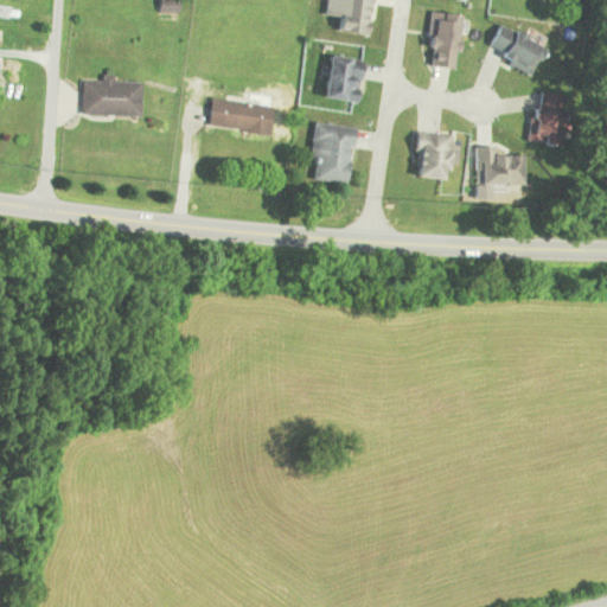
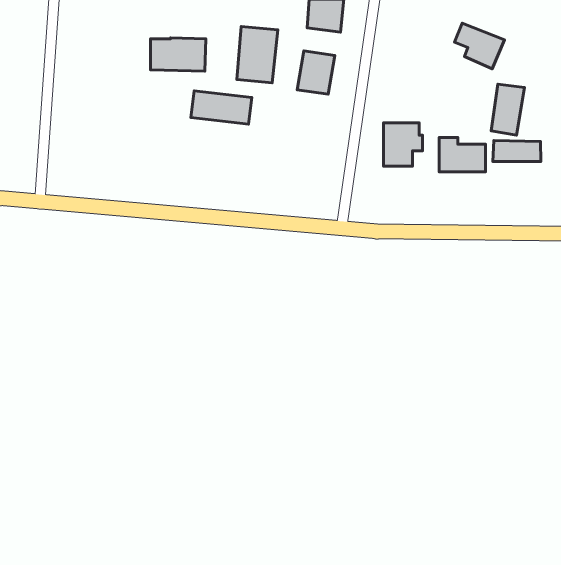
building: [428,12,460,68] -> none
building: [84,78,143,114] -> [151,38,206,71]
building: [312,122,356,183] -> [237,26,278,83]
building: none -> [493,141,541,161]

